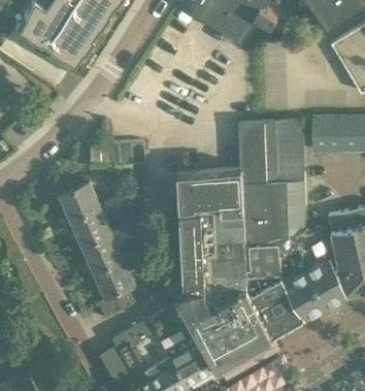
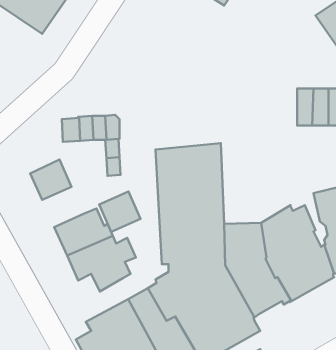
building: [237,122,304,246] -> none
building: [69,210,108,249] -> [99,191,141,232]

